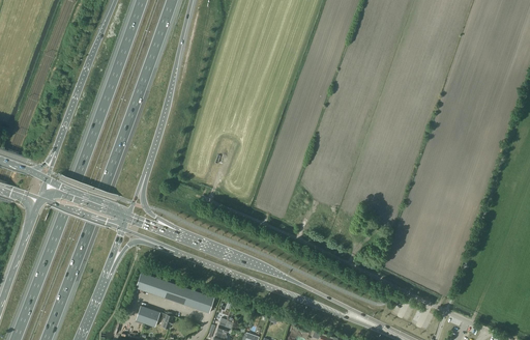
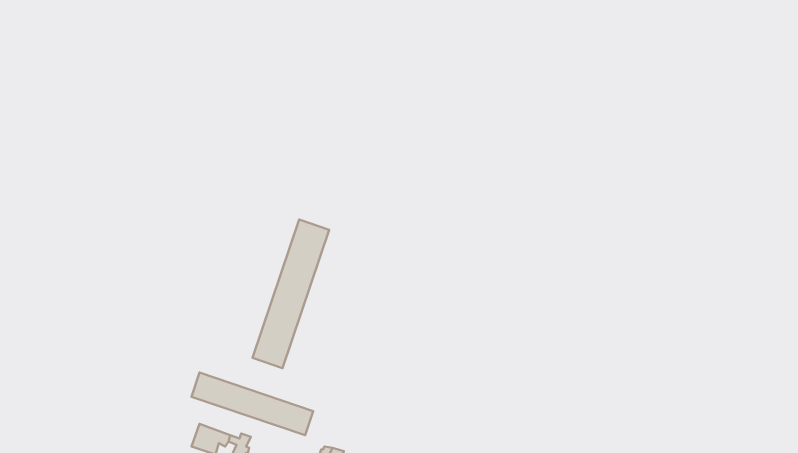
building: none -> [252,220,329,368]

